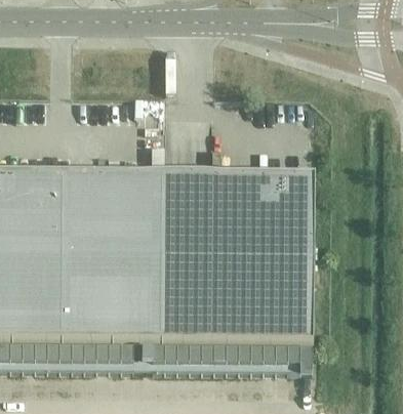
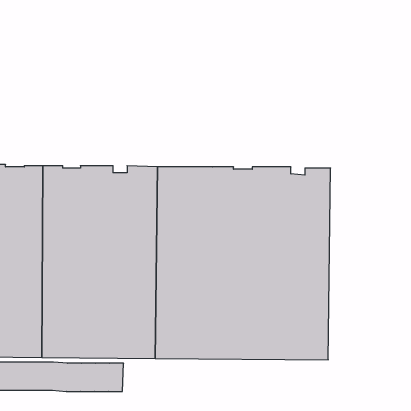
building: [140,342,310,368] -> none

